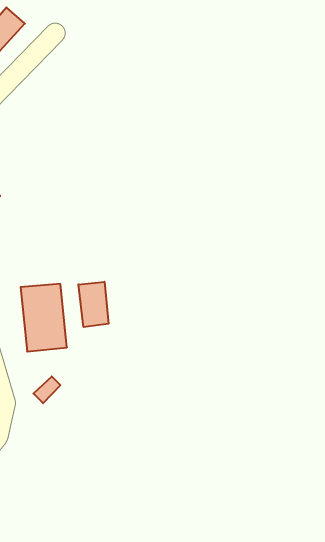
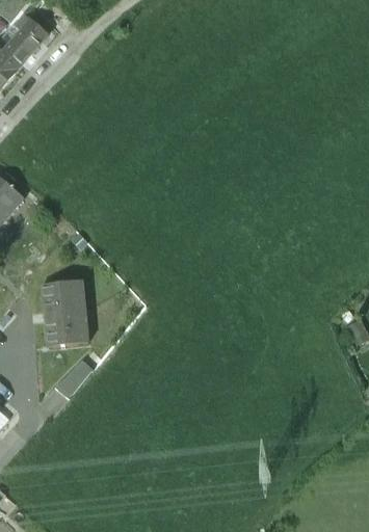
building: [78,282,109,327] -> none

